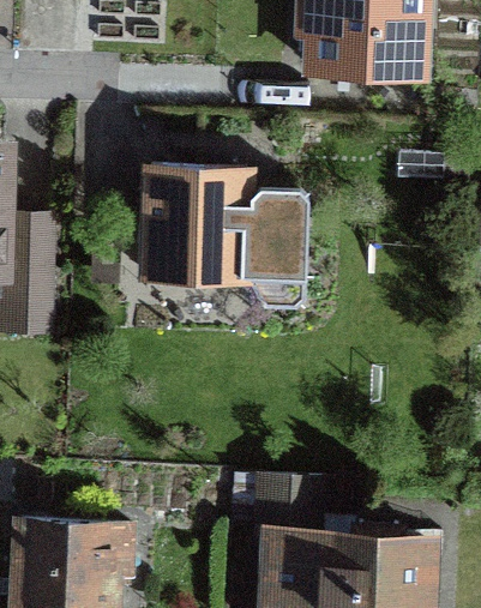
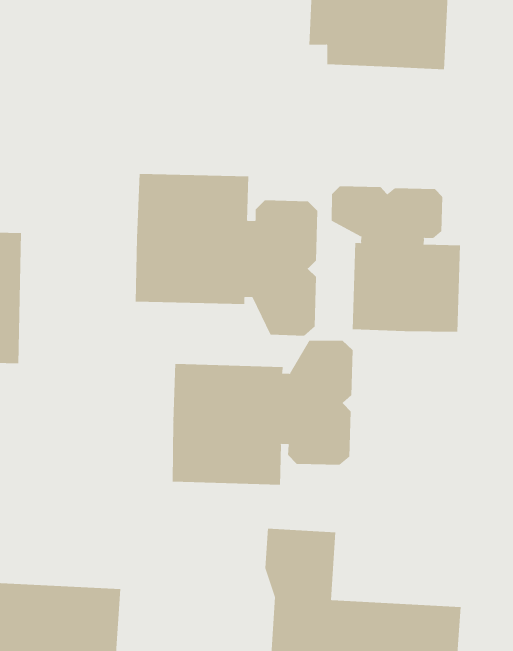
building: none -> [331,185,460,332]
building: none -> [172,340,353,485]

